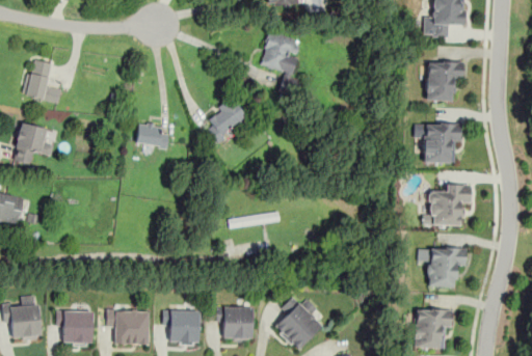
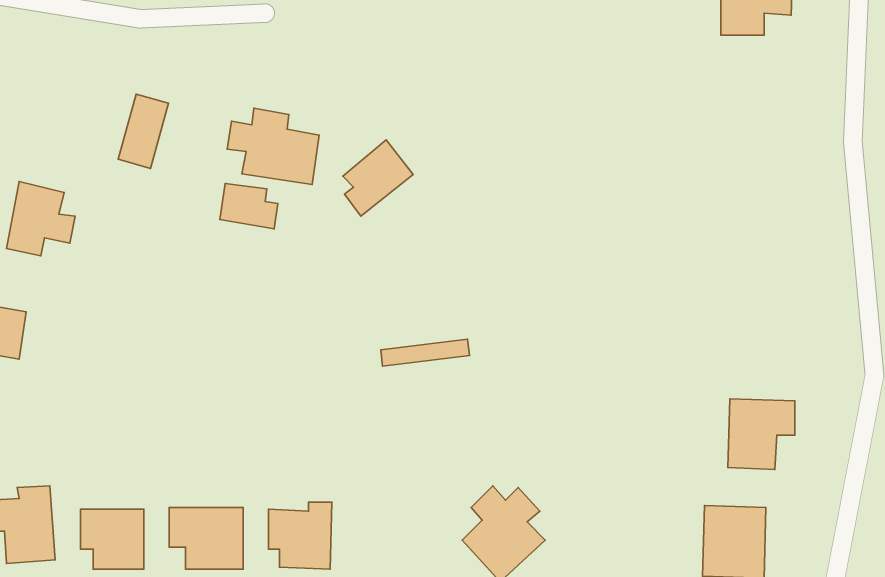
building: [260,32,303,95] -> none
building: [24,58,53,101] -> [118,94,169,168]
building: [427,60,464,101] -> none
building: none -> [227,108,319,184]
building: [415,121,461,163] -> none
building: [423,184,472,225] -> none
building: [217,305,255,340] -> none

